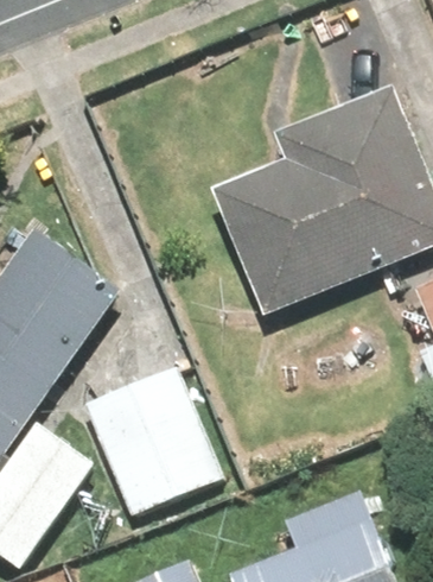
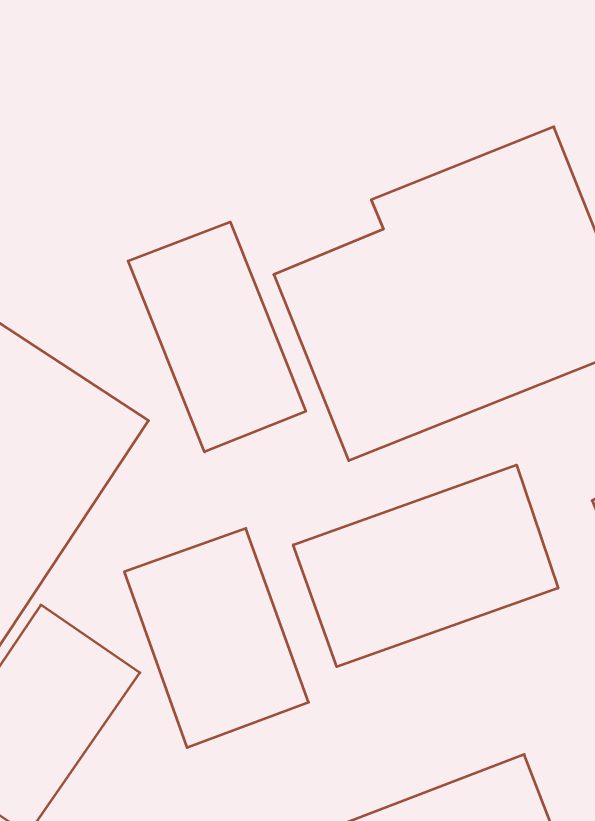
building: none -> [128,222,306,452]
building: none -> [293,465,558,667]

